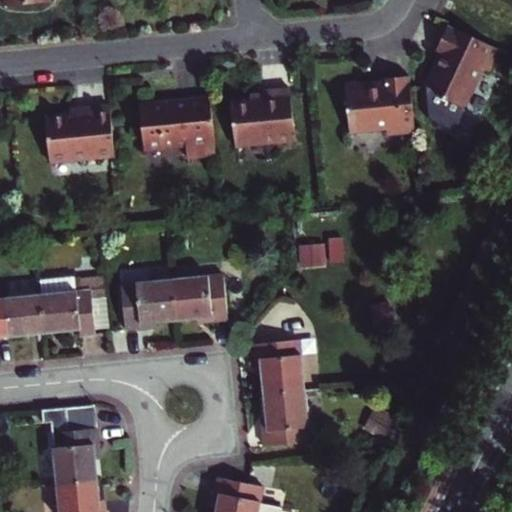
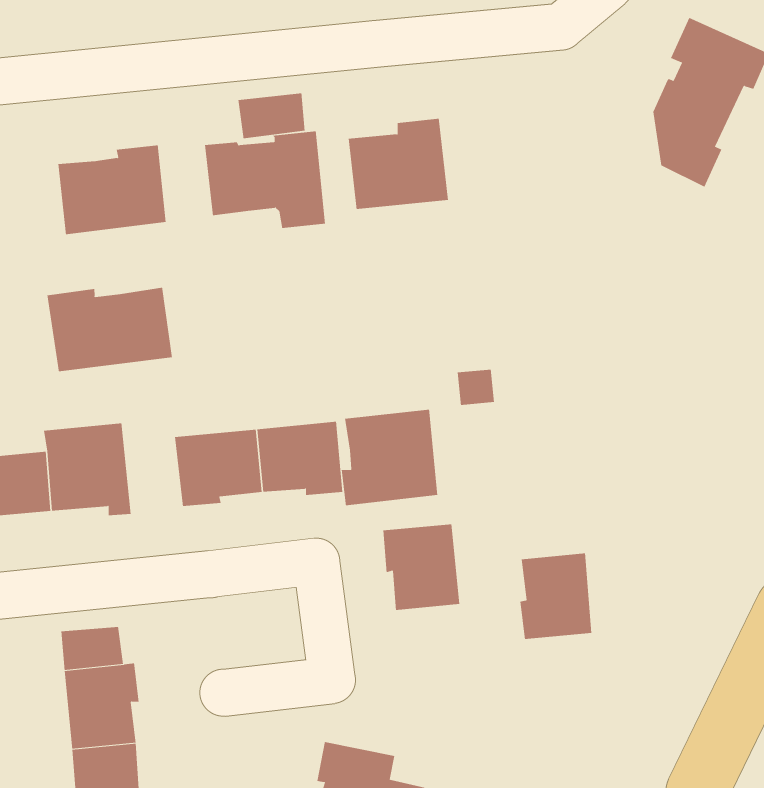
building: none -> [238,93,305,139]
building: [345,75,417,134] -> none
building: none -> [47,287,173,372]
building: none -> [341,409,438,506]
building: [260,393,306,448] -> [519,553,592,640]

